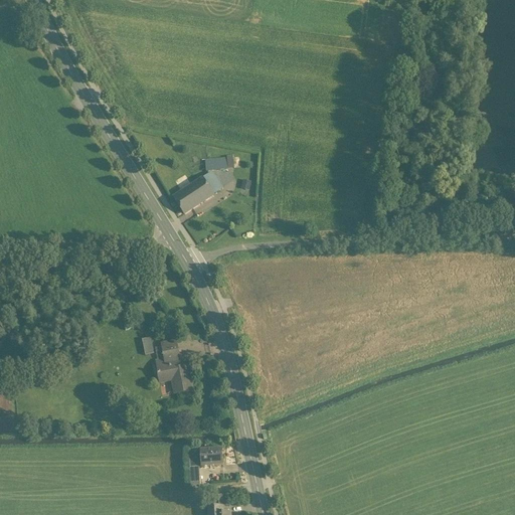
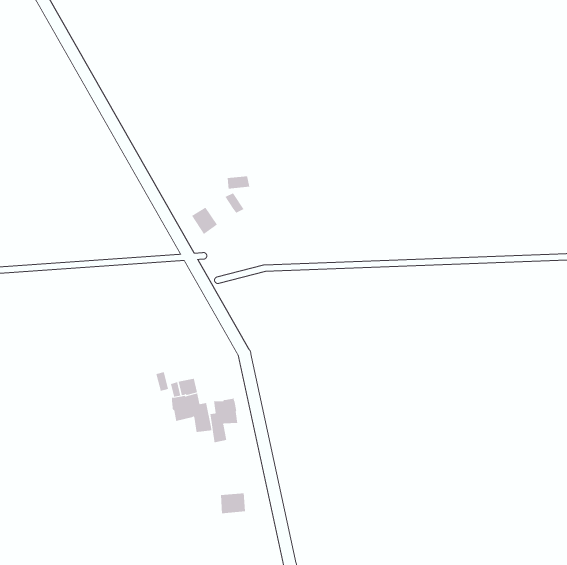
building: [186,176,213,203] -> none
building: none -> [210,397,238,443]

